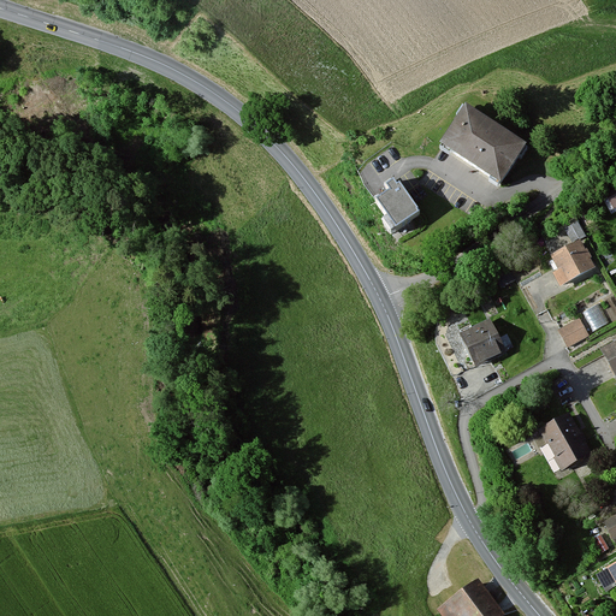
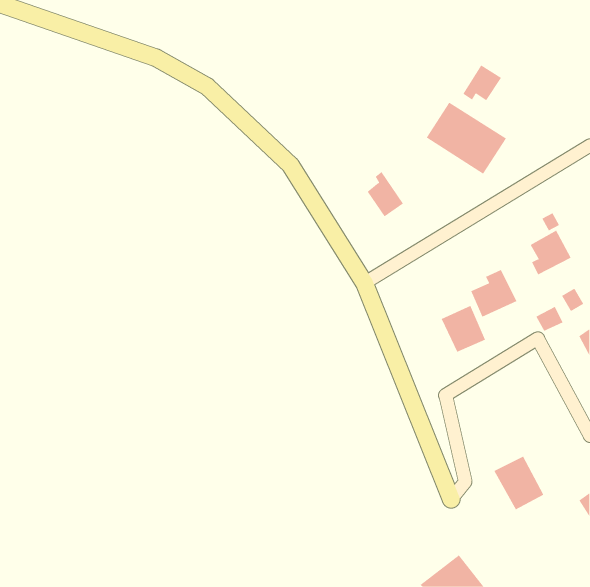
building: none -> [463,64,502,101]
building: none -> [471,269,517,318]
building: [537,413,590,469] -> [493,456,544,510]

